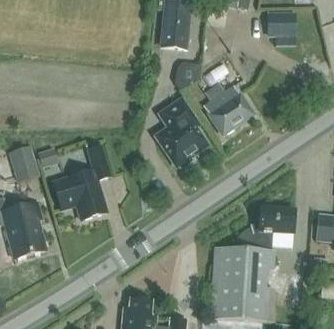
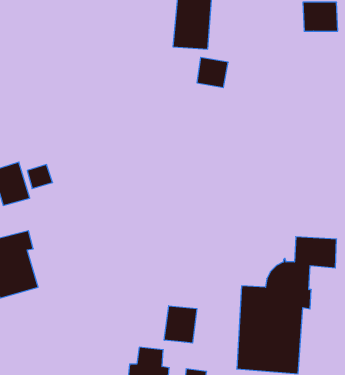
building: [203,82,252,133] -> none
building: [156,99,207,166] -> none
building: [53,145,110,219] -> none
building: none -> [164,306,197,343]

